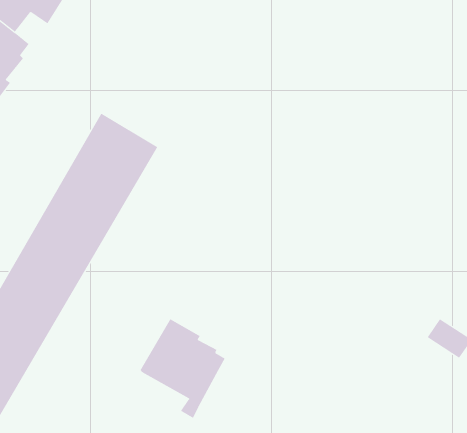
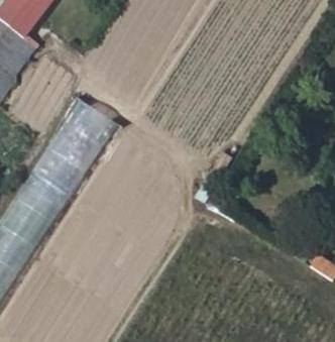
building: [140,319,226,419] -> none

